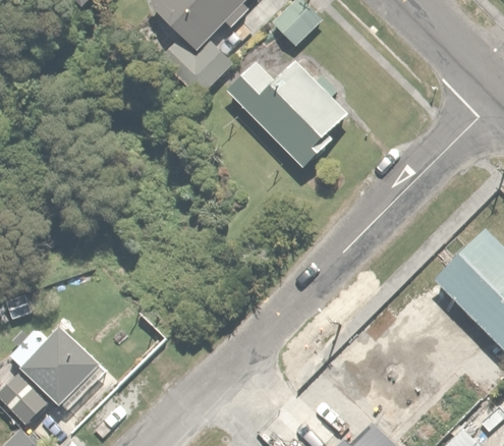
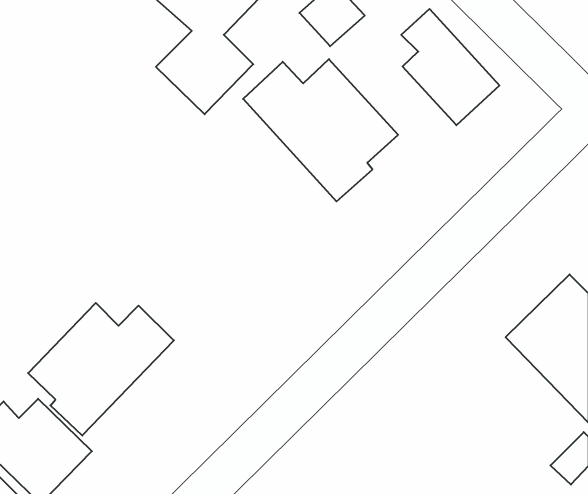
building: none -> [401,9,499,125]
building: none -> [28,303,174,436]

